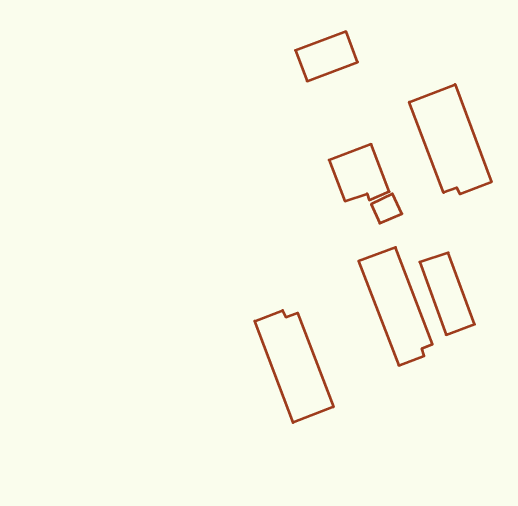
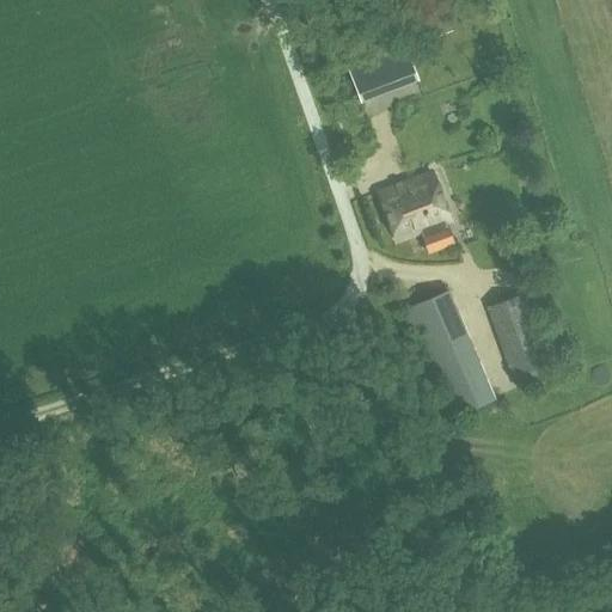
building: [409,84,491,194] -> none
building: [255,310,333,423] -> none

